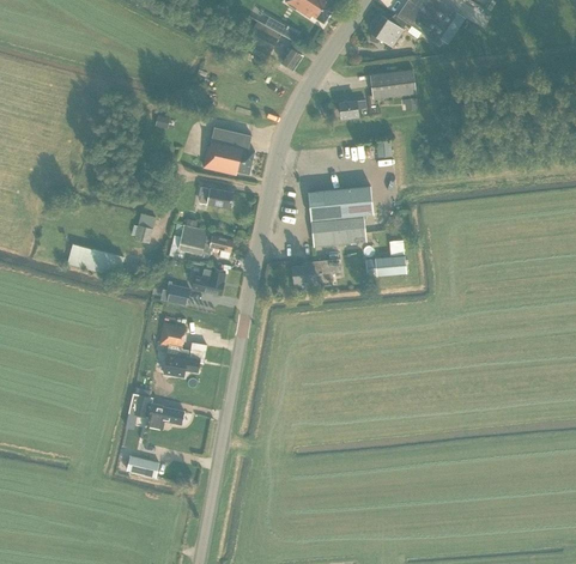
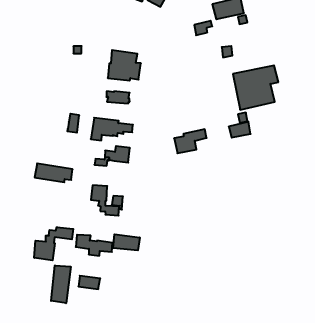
building: [308,186,374,245] -> [233,65,278,110]
building: [66,242,123,274] -> [35,163,73,182]
building: none -> [34,227,73,260]
building: none -> [113,234,140,250]
building: none -> [51,265,71,303]

